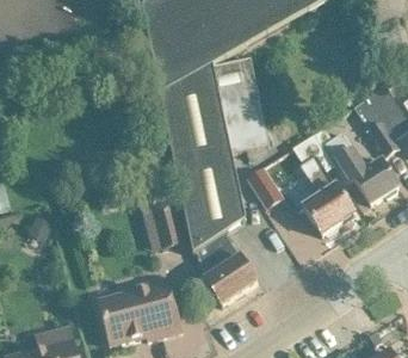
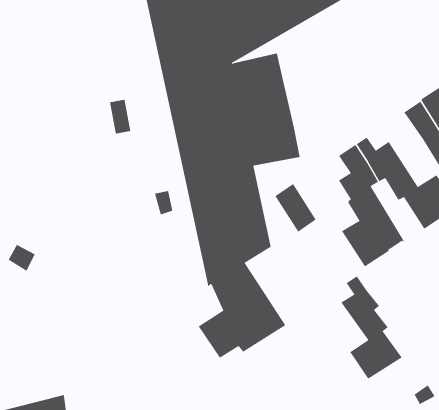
building: [140,190,184,249] -> none
building: none -> [341,276,403,380]
building: [98,277,183,344] -> none

